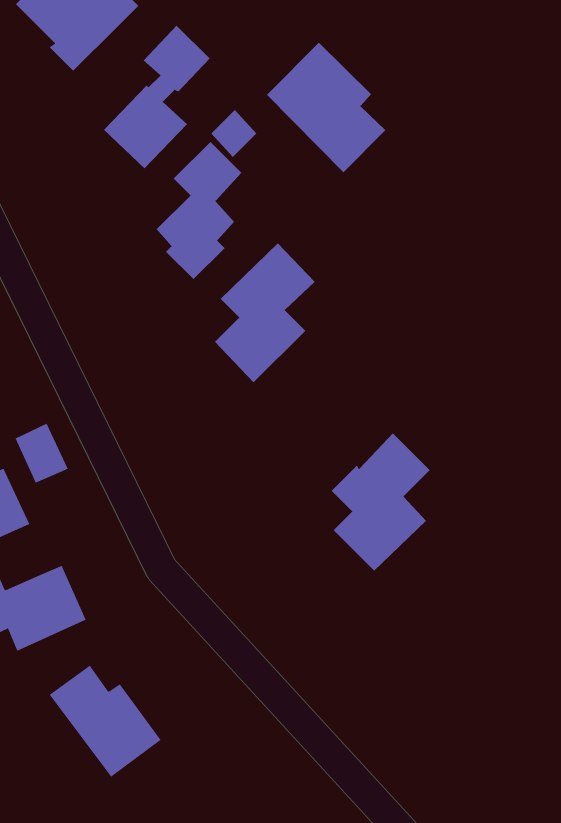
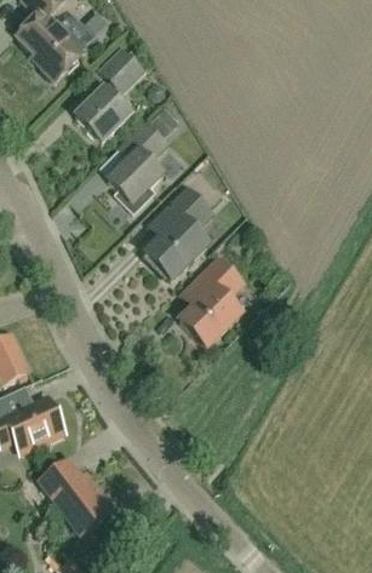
building: [266,42,386,173] -> none
building: [15,423,68,484] -> none
building: [331,433,430,571] -> [178,258,242,348]

